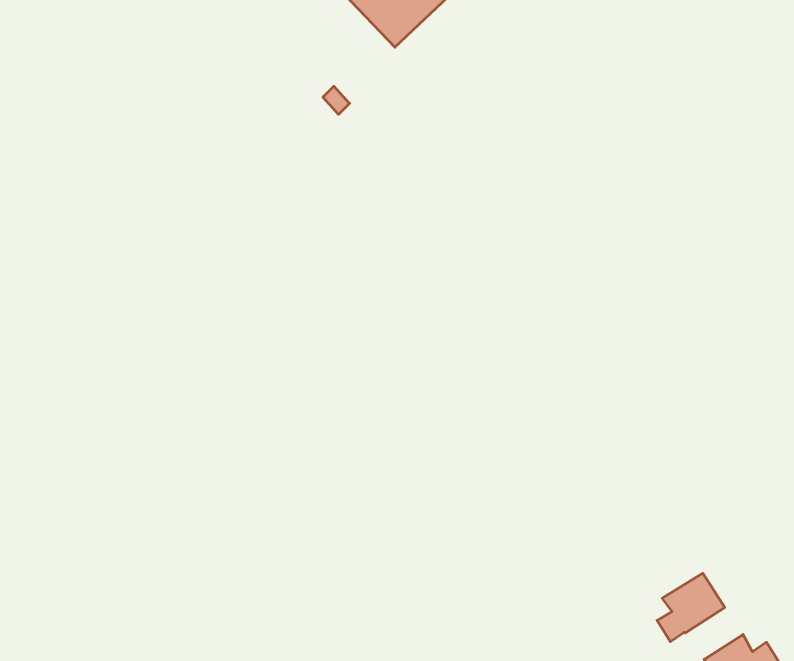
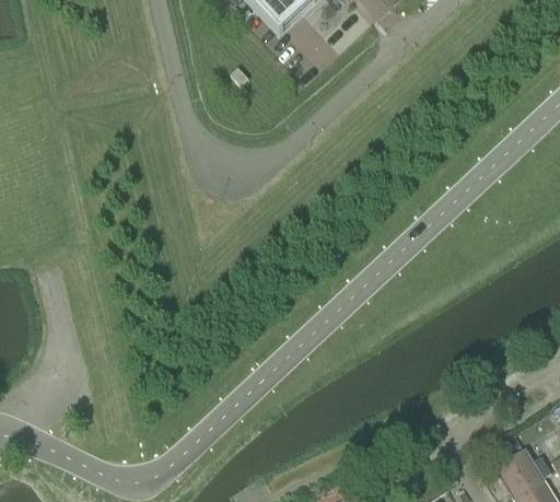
building: [657,573,725,642] -> none

